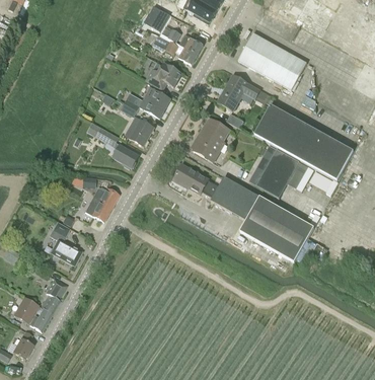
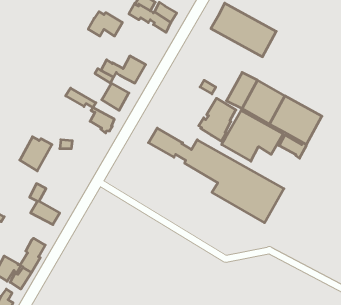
building: [146,61,181,86] -> [88,12,122,36]
building: [218,75,259,110] -> none
building: [191,118,229,162] -> [199,98,236,141]
building: [84,185,118,221] -> [20,137,52,171]

